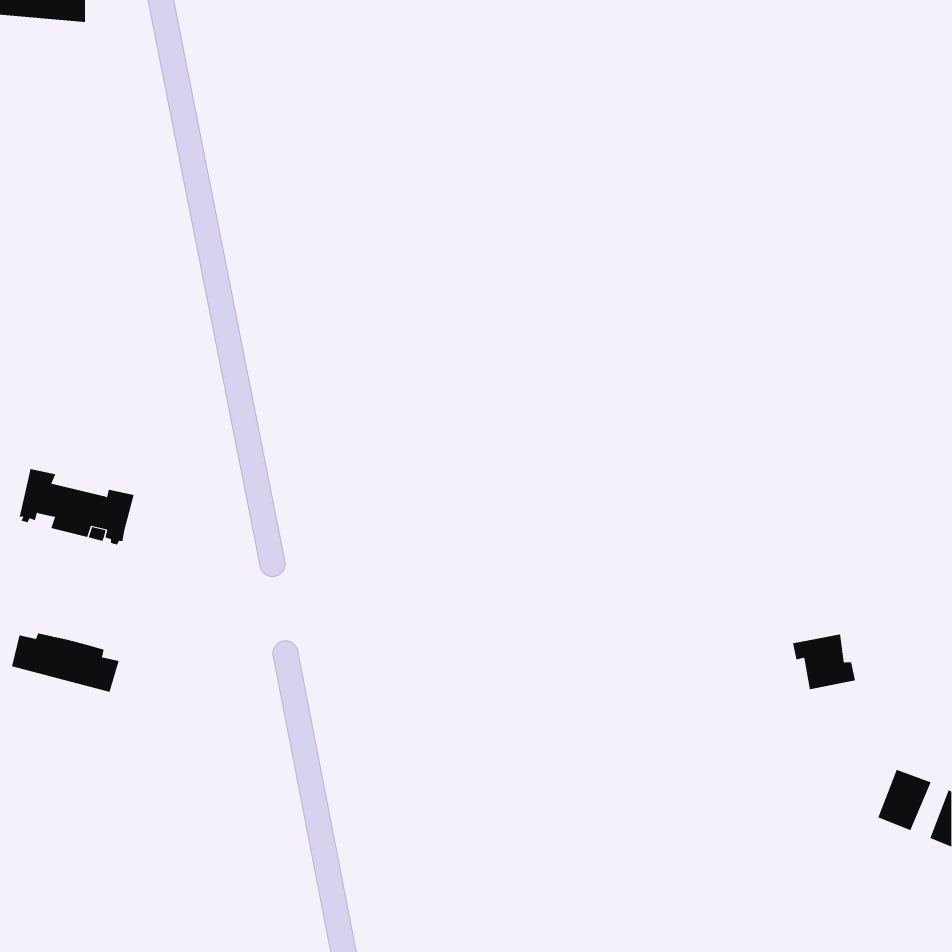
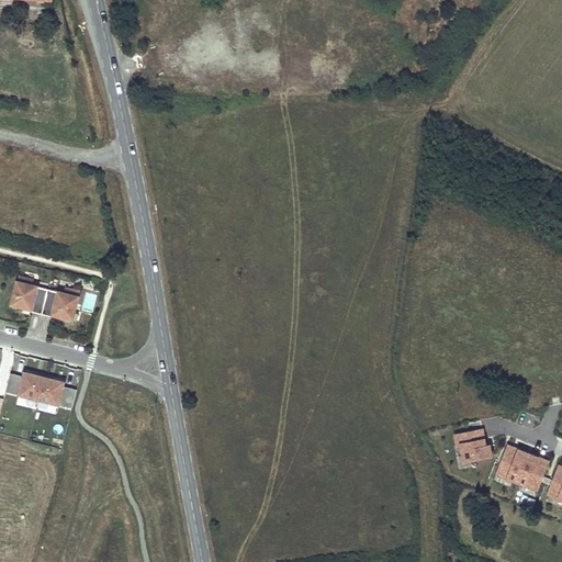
building: [792,634,856,690] -> [453,428,491,461]
building: none -> [496,445,527,481]

